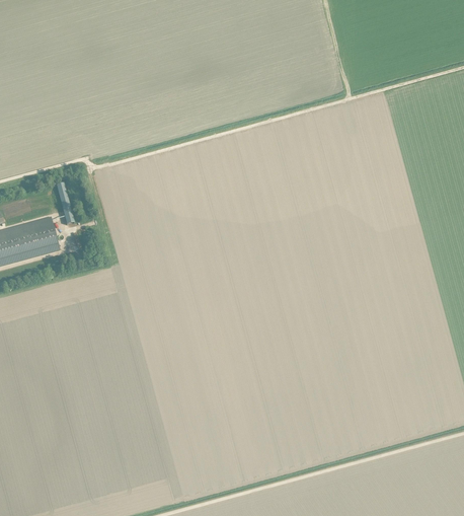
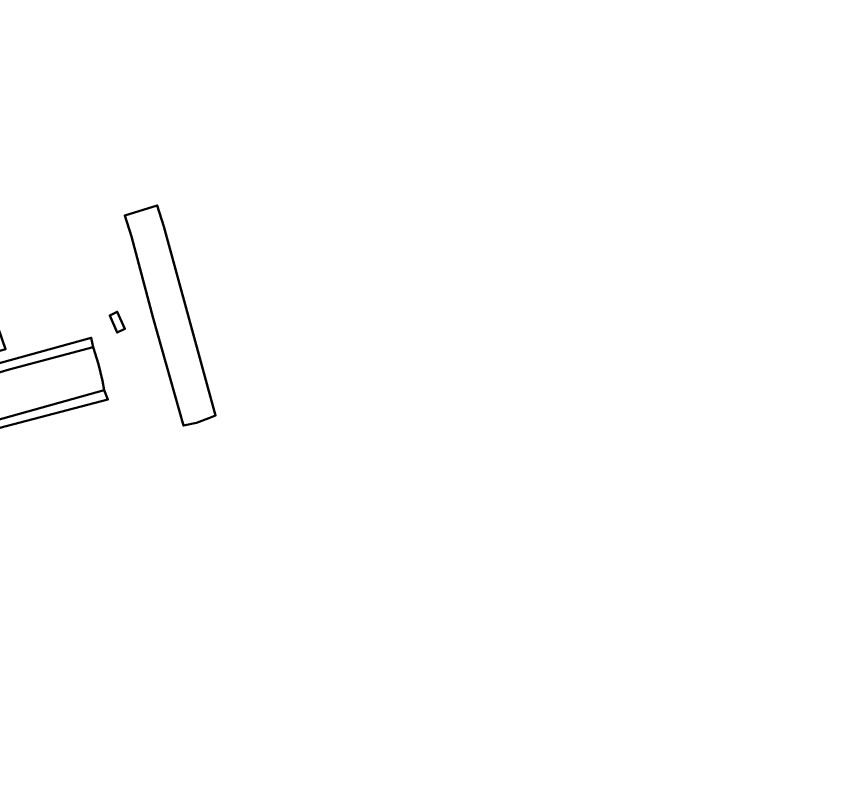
building: none -> [125,206,216,425]

